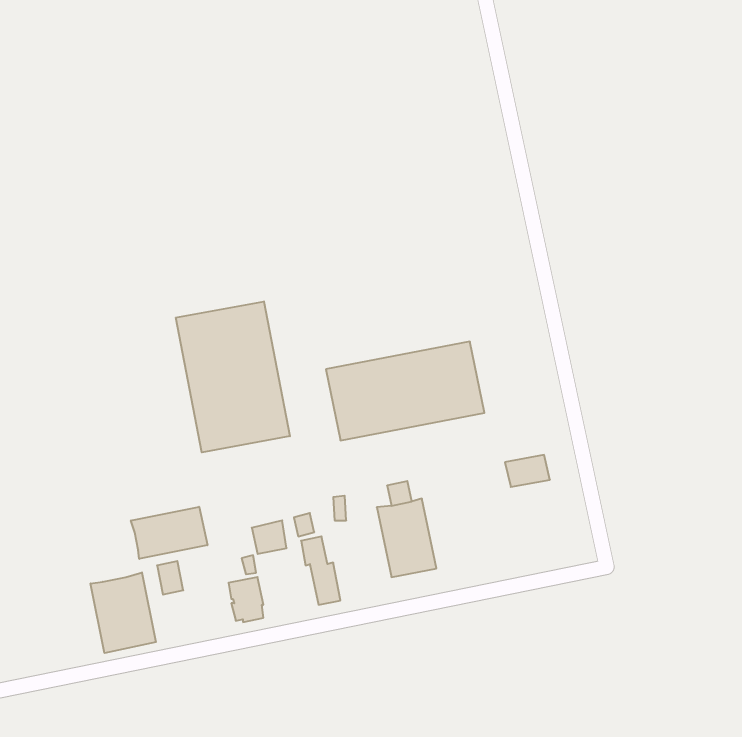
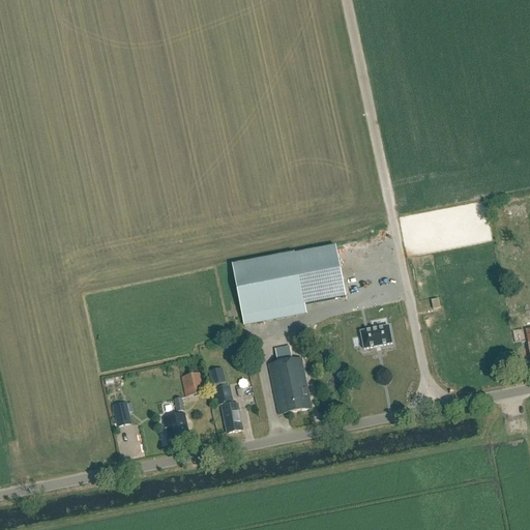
building: [176,301,290,452] -> none
building: [131,507,207,559] -> none
building: [91,572,156,653] -> none

